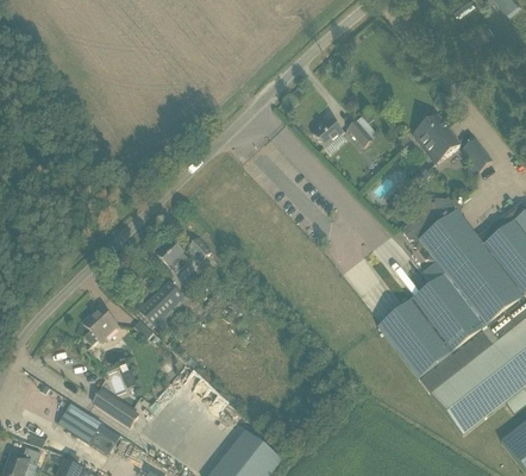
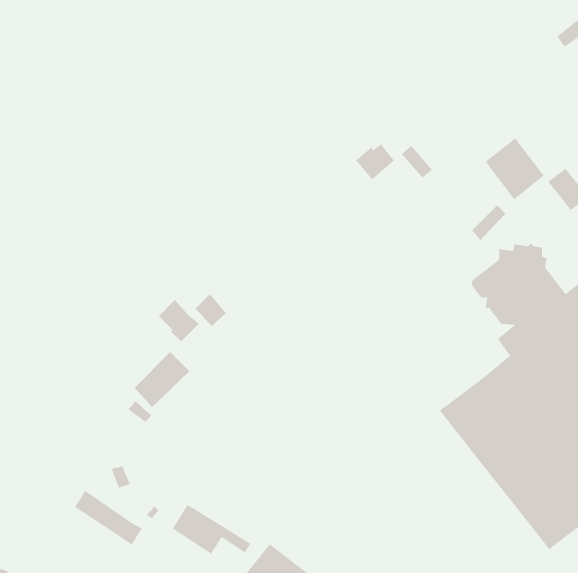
building: [83,305,118,344] -> none
building: [58,402,120,441] -> [172,504,251,555]

